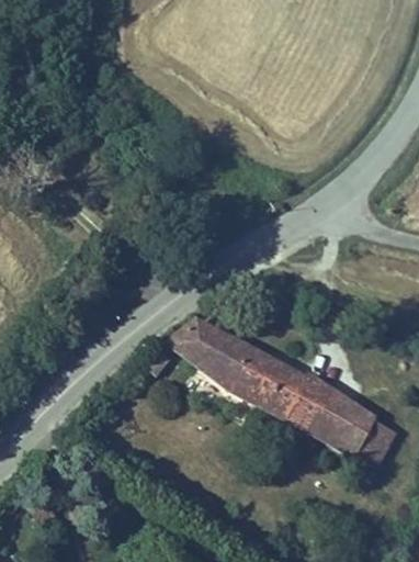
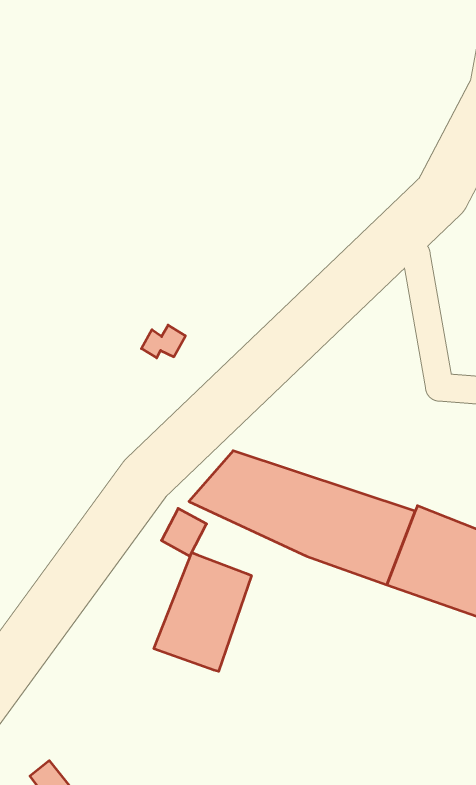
building: none -> [154,552,251,671]

